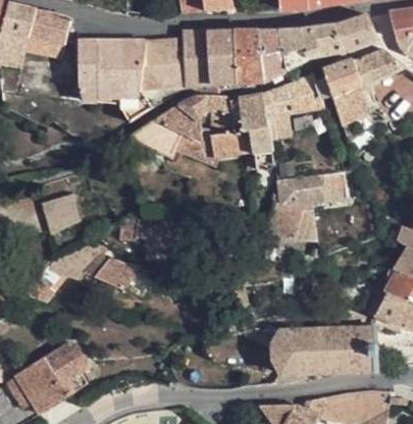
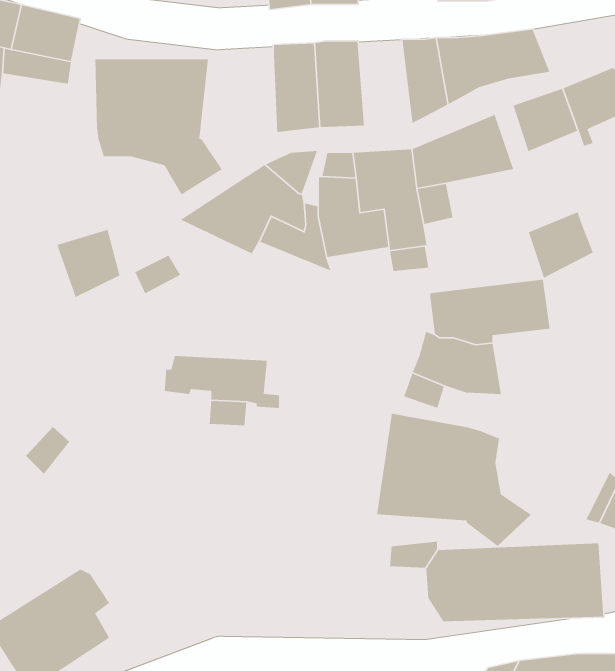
building: [337,14,378,50] -> none
building: [234,31,265,82] -> none
building: [141,41,178,89] -> none
building: [333,85,372,124] -> [528,211,594,279]
building: [42,193,80,233] -> [56,229,120,298]
building: none -> [376,413,532,547]
building: [85,253,140,288] -> none

